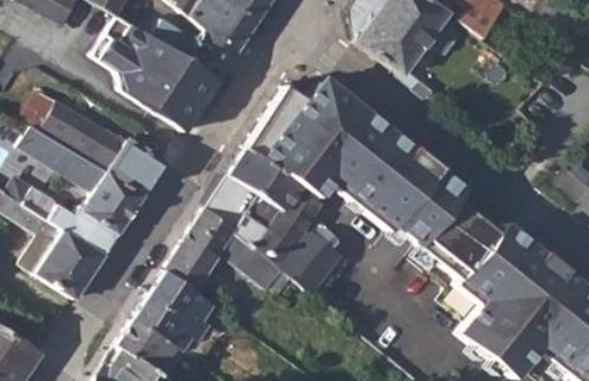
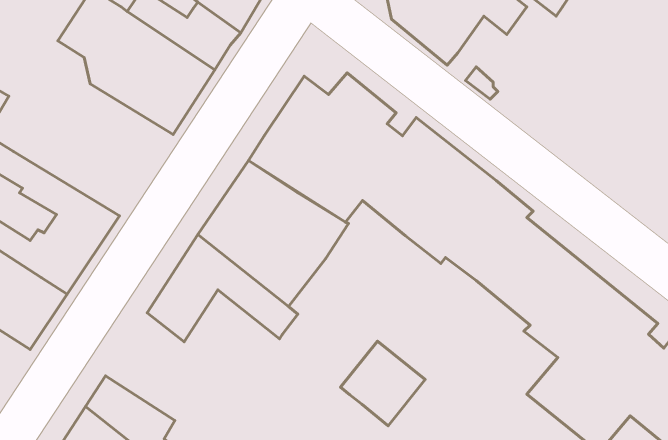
building: [62,119,166,194] -> none
building: [275,229,341,294] -> [340,341,425,426]
building: [134,269,254,358] -> none

